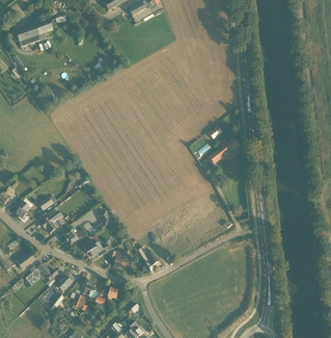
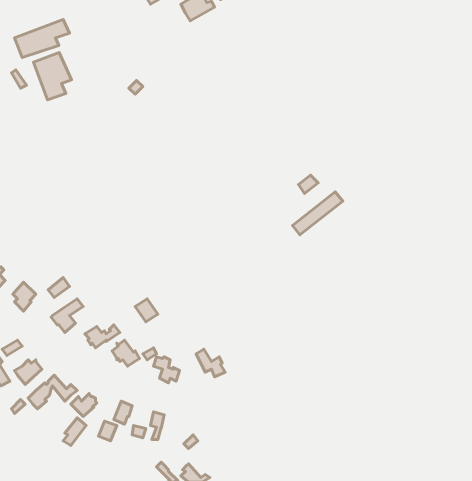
building: none -> [33,53,71,100]

